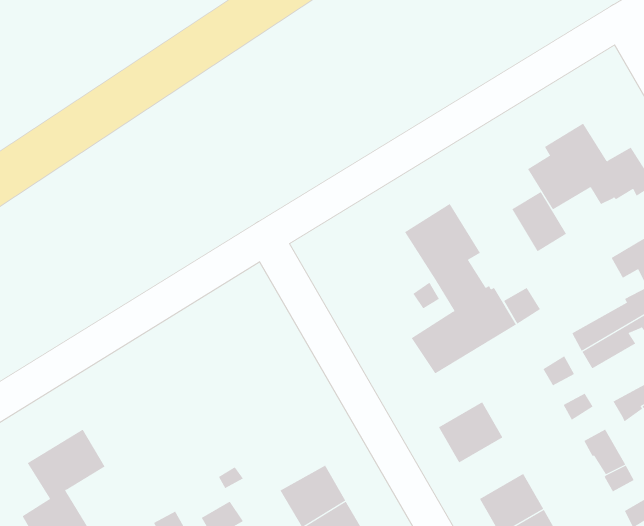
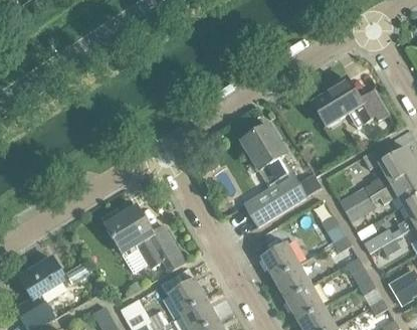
building: [512,191,567,252] -> none
building: none -> [103,205,185,272]
building: none -> [272,263,310,299]

